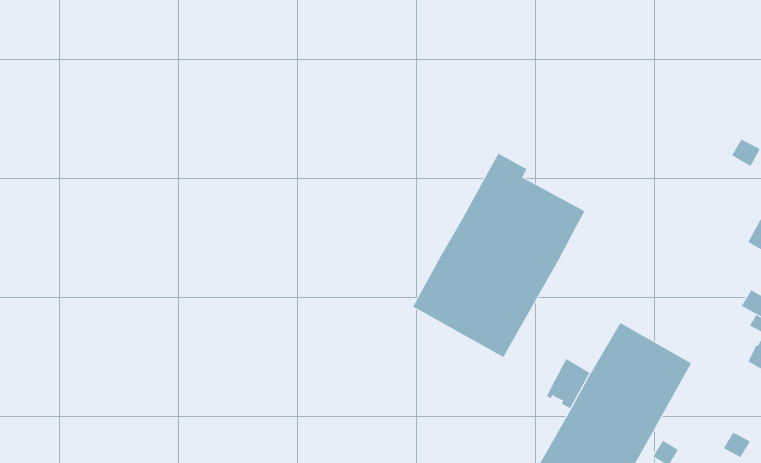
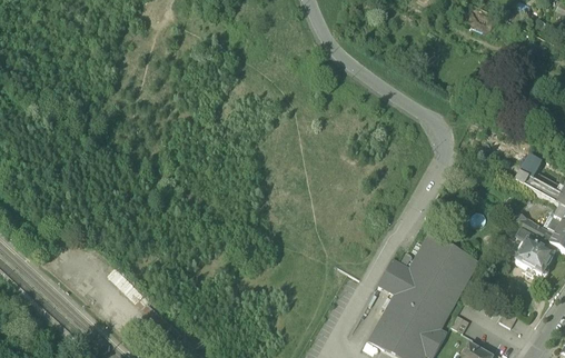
building: [412,153,585,358] -> none

